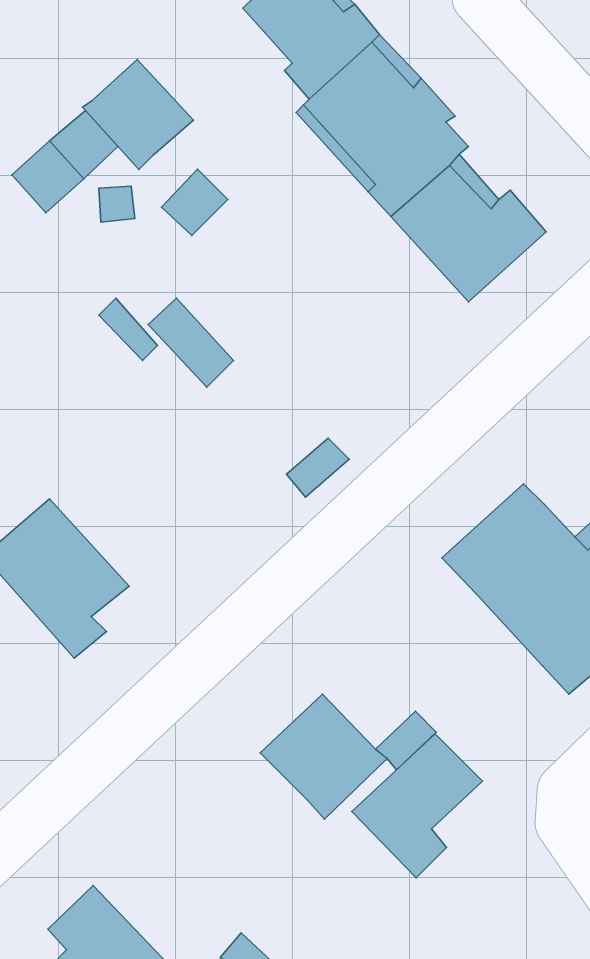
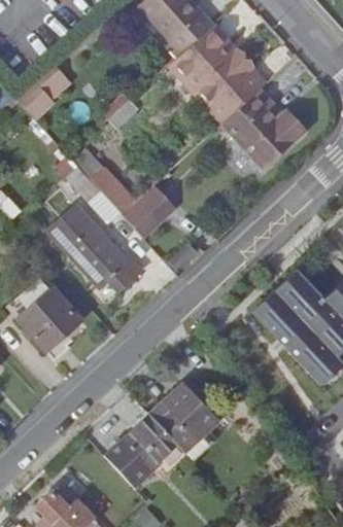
building: [83,60,193,169] -> none
building: none -> [124,184,179,240]
building: none -> [47,208,141,291]
building: [352,734,483,878] -> [107,414,178,492]

